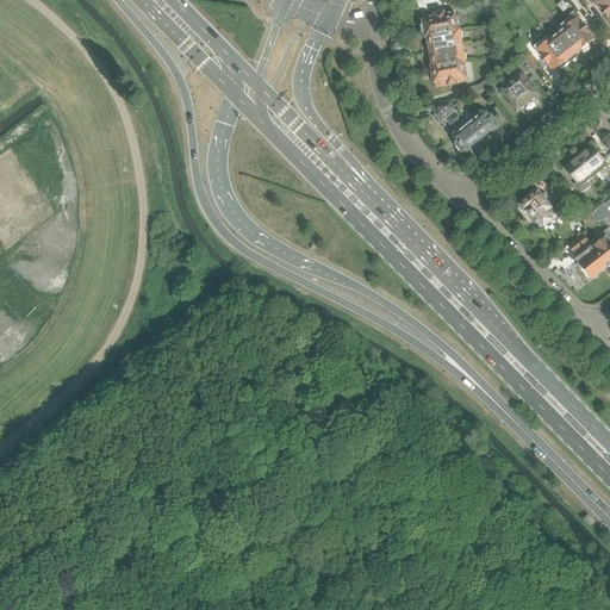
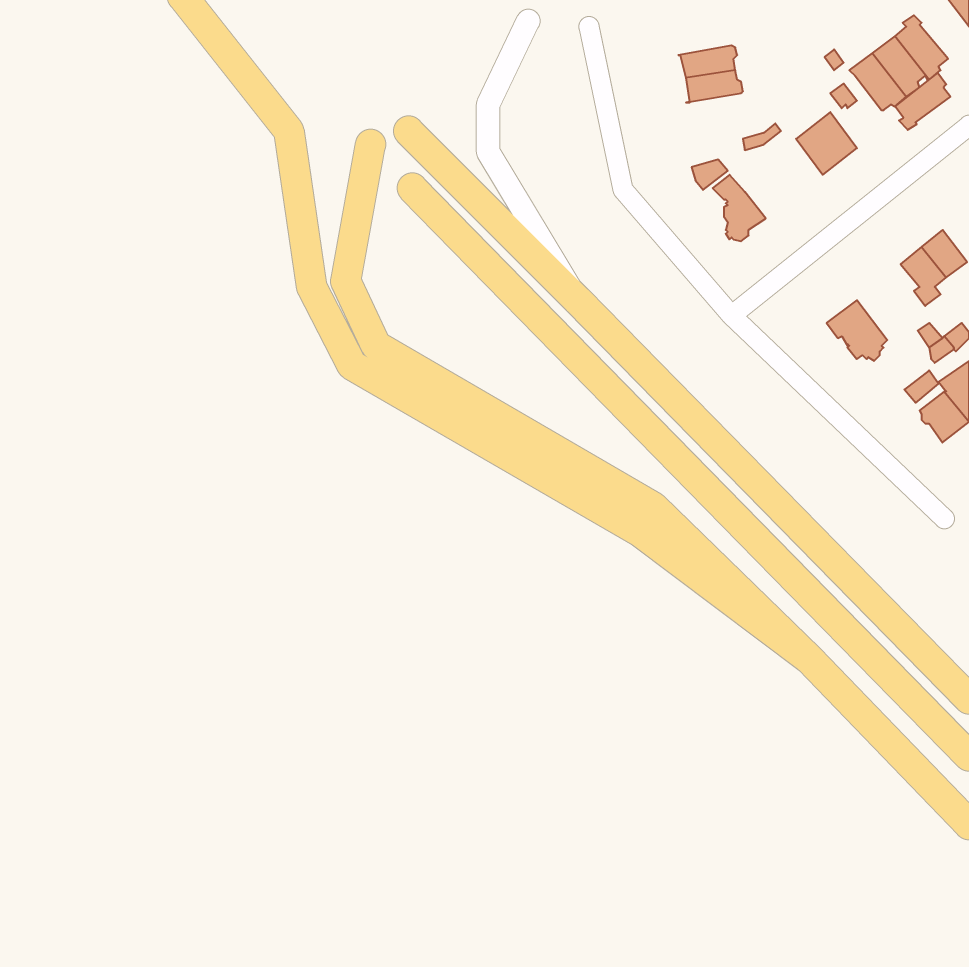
building: [421,8,459,35] -> none
building: none -> [895,73,950,130]
building: [429,58,467,85] -> none
building: [461,108,498,137] -> none

